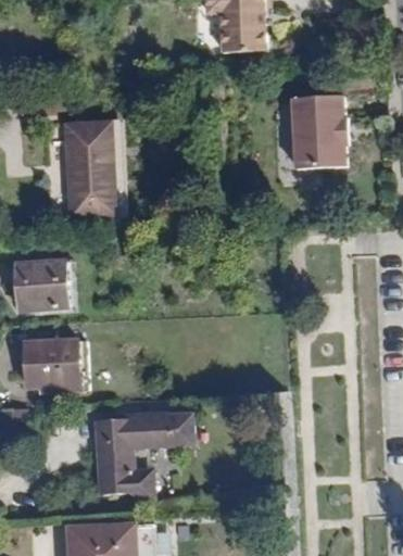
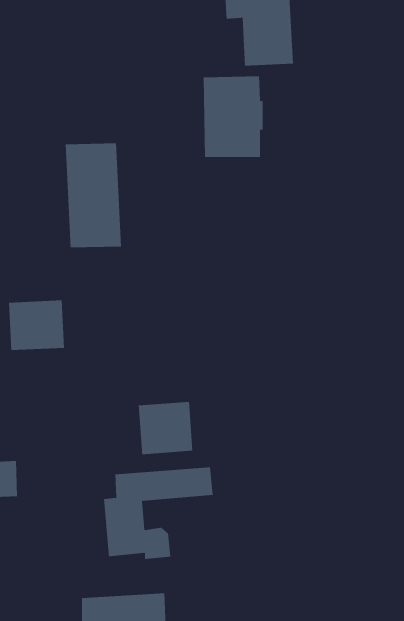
building: [287,98,340,169] -> [203,76,263,157]
building: [26,343,73,388] -> none
building: none -> [138,401,193,455]

